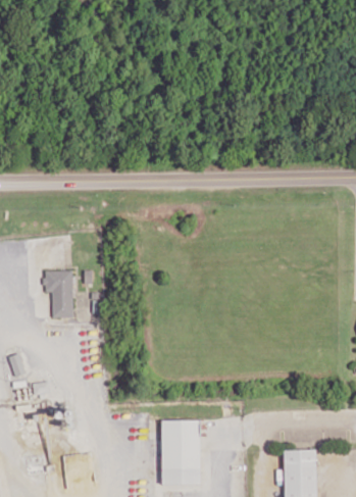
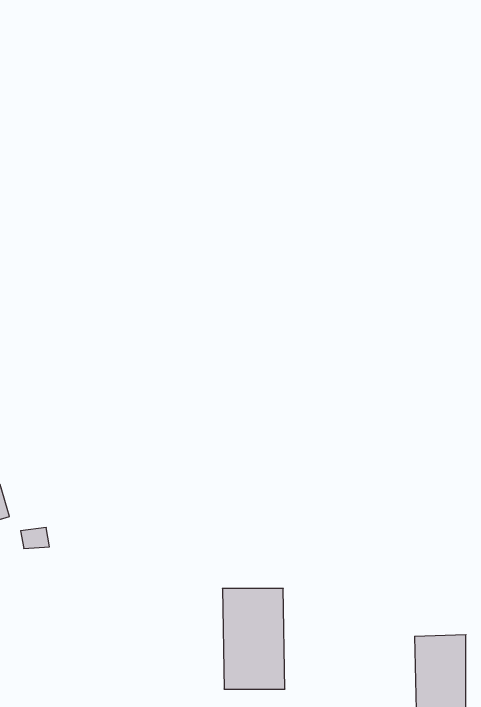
building: [44,270,72,317] -> none

